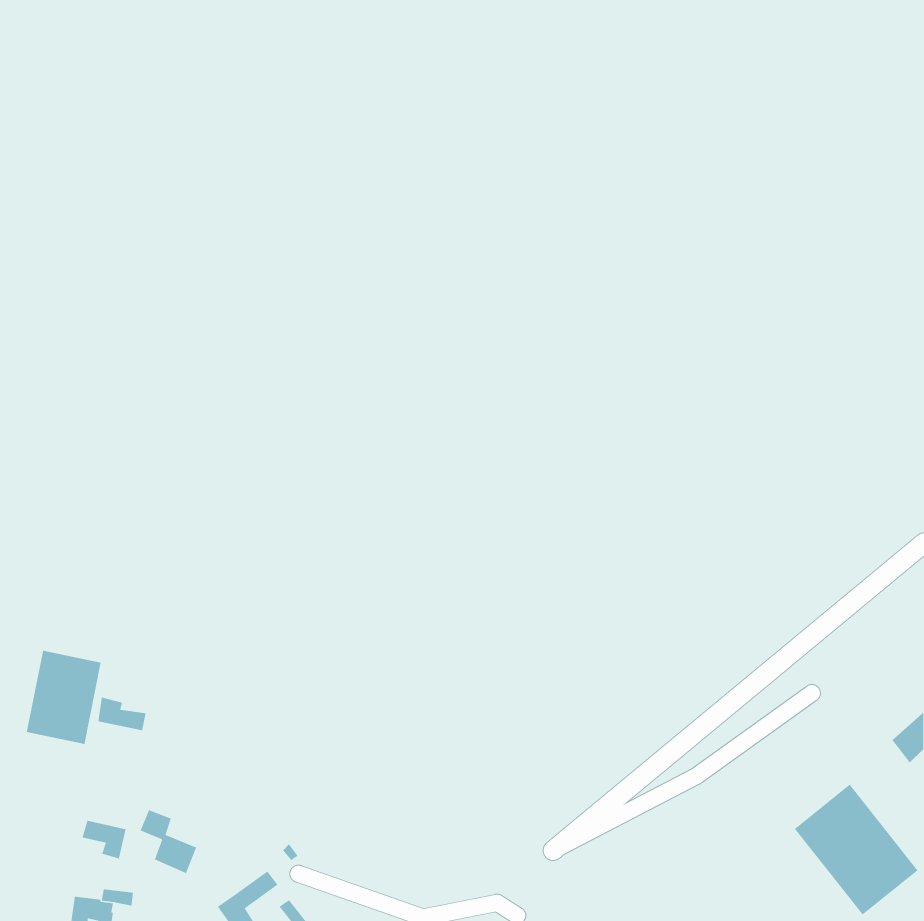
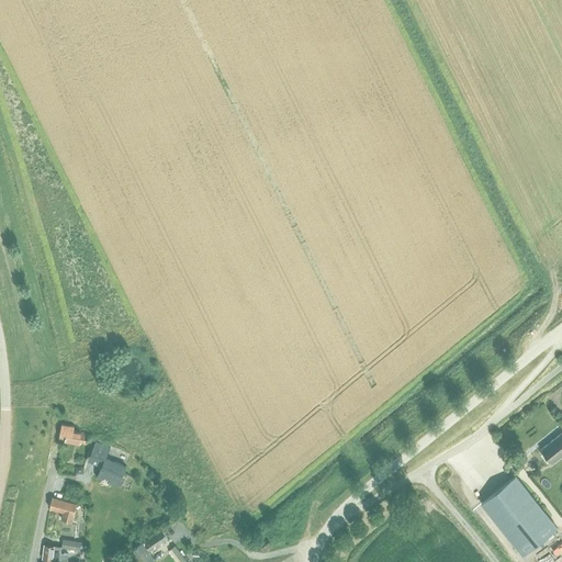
building: [26,650,102,745] -> none
building: [139,809,197,874] -> [90,445,125,484]

